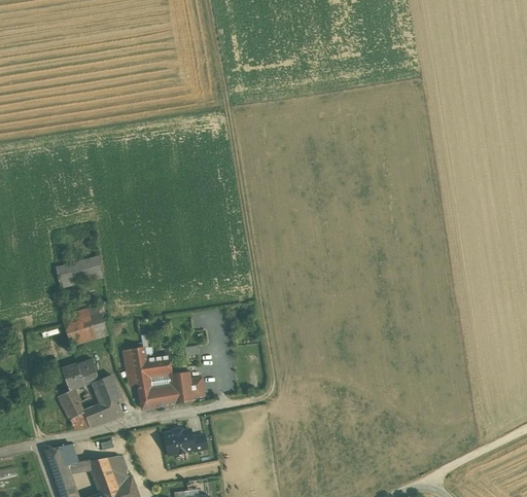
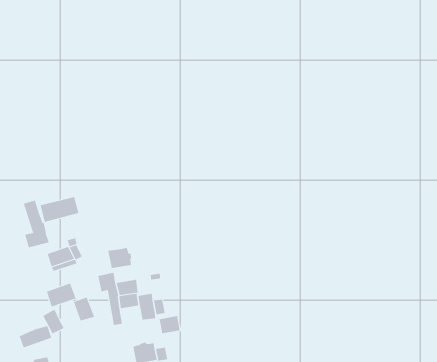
building: none -> [23,200,49,248]
building: none -> [108,247,132,269]
building: [150,385,176,406] -> [159,316,181,334]
building: [84,399,124,426] -> [19,326,52,348]

